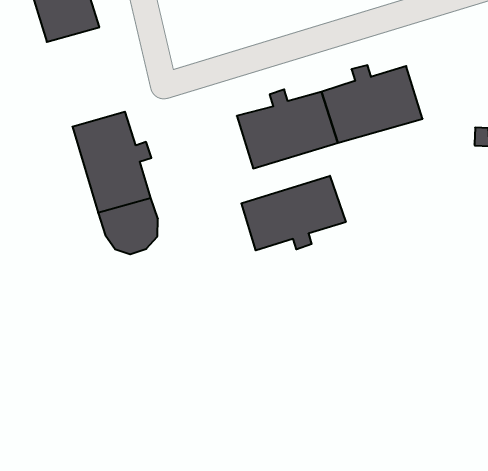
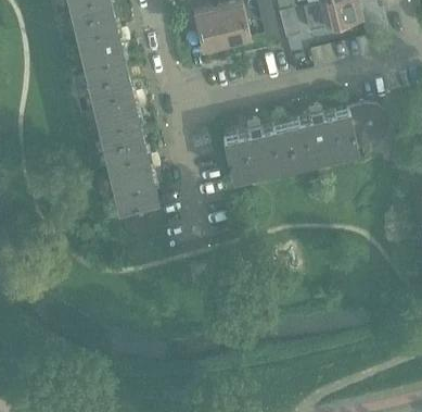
building: none -> [86,67,142,139]
building: none -> [347,105,387,148]
building: [241,176,346,250] -> none

